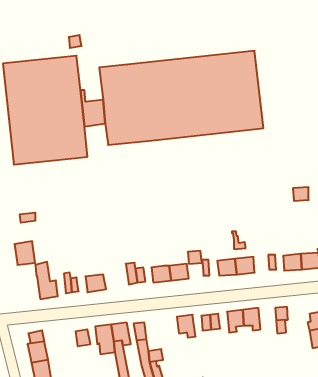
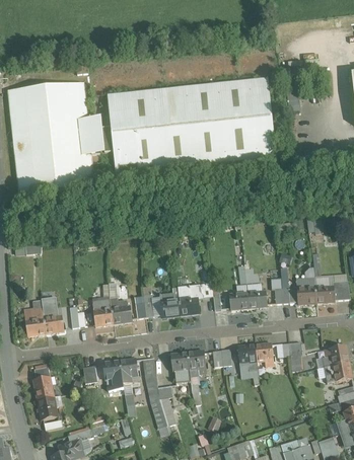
building: [14,241,35,265] -> [24,310,46,334]
building: none -> [110,296,132,322]
building: none -> [170,351,190,381]

